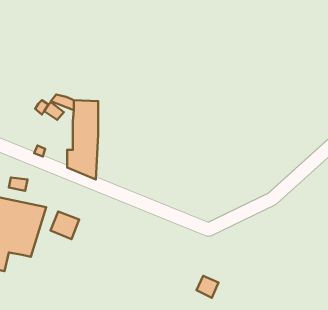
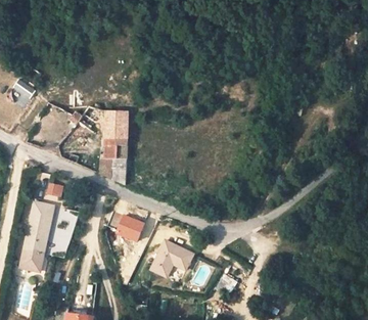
building: [51,212,79,239] -> [116,215,142,240]
building: none -> [151,240,192,275]

